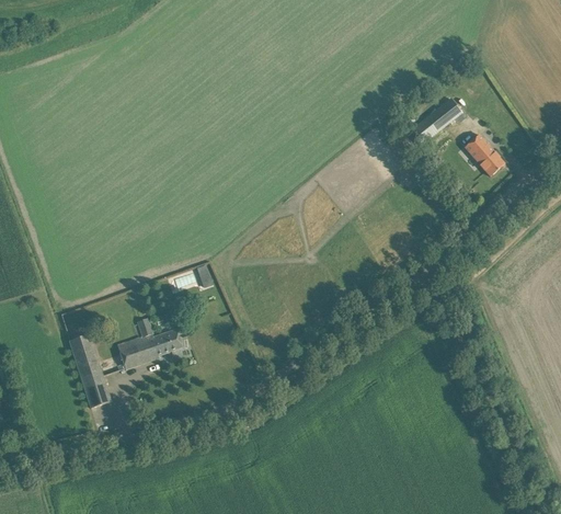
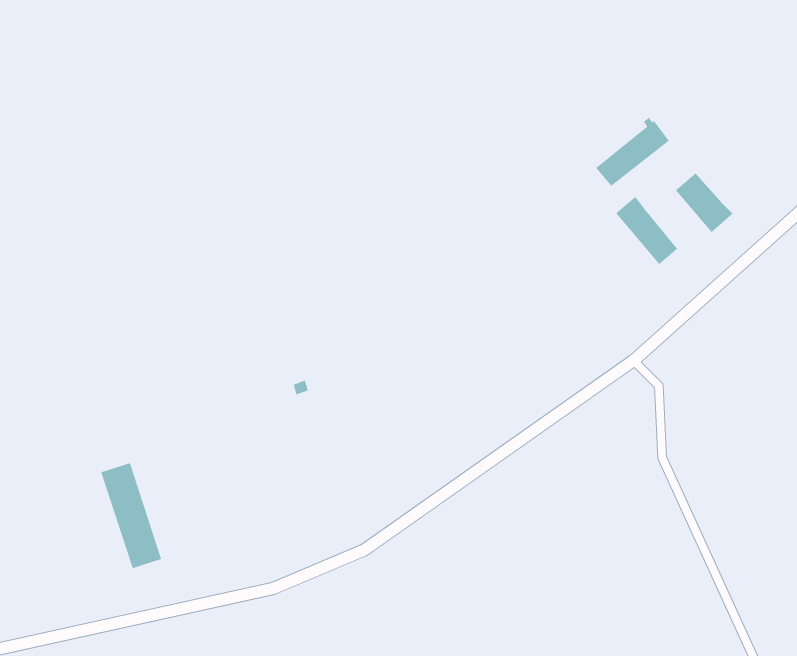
building: none -> [615,196,678,265]
building: [117,318,183,368] -> none

